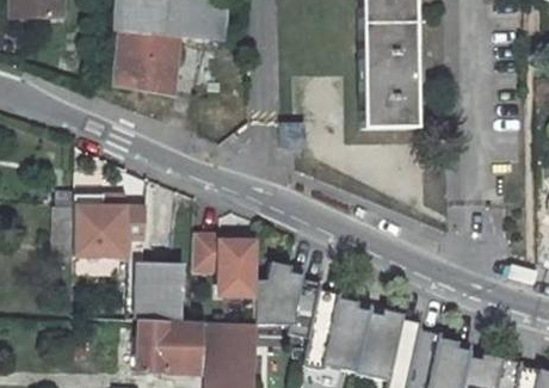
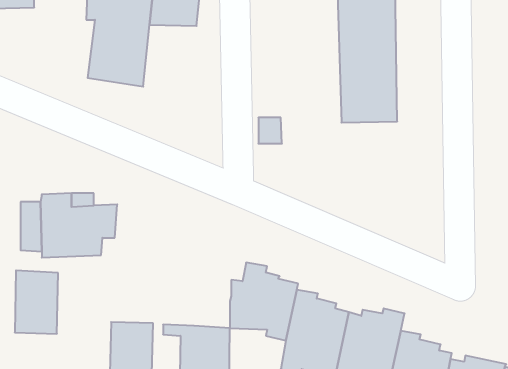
building: [193,234,258,295] -> none
building: [141,260,183,321] -> [15,270,58,334]

